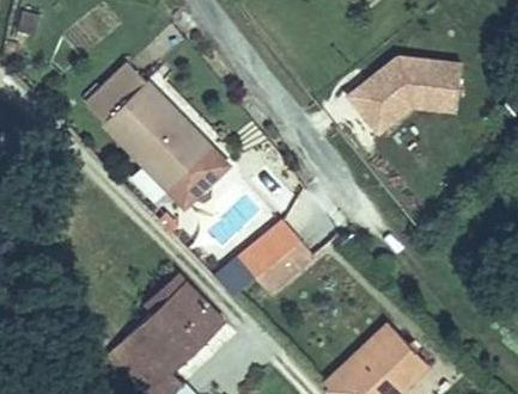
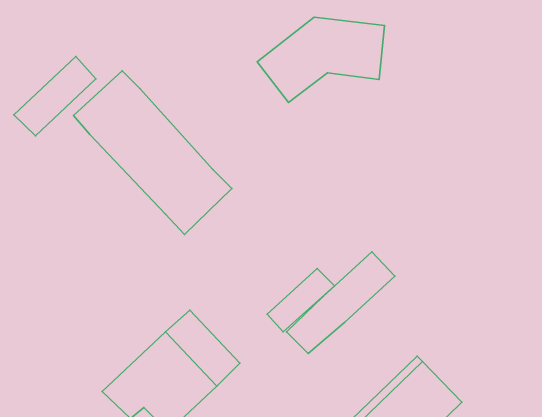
building: [351,54,463,129] -> [257,17,384,103]
building: none -> [14,56,96,136]
building: [203,221,299,310] -> [287,252,395,353]

